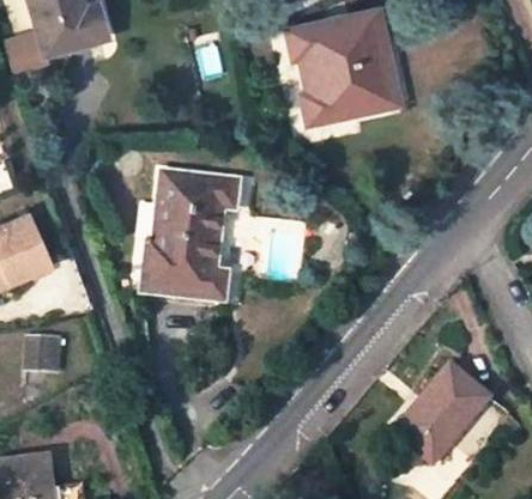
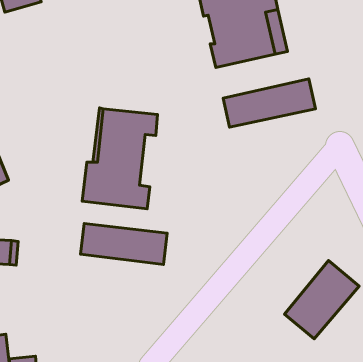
building: none -> [223,79,315,127]
building: none -> [80,224,167,265]

